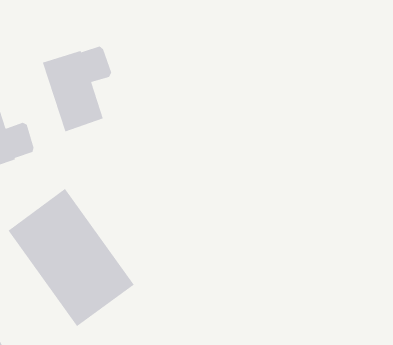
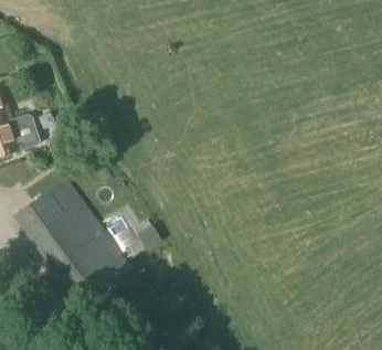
building: [42,46,112,132] -> none

